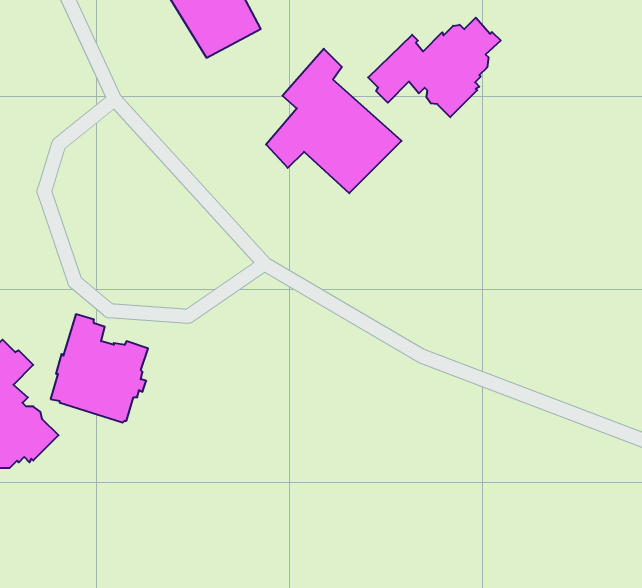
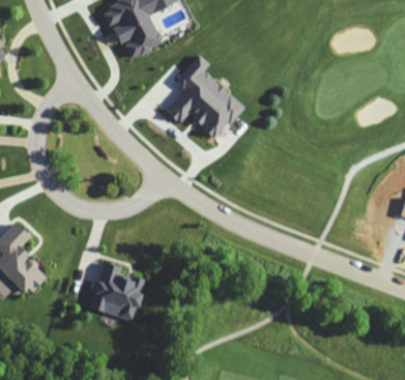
building: [368,18,501,117] -> none
building: [51,314,148,423] -> [88,260,144,322]

